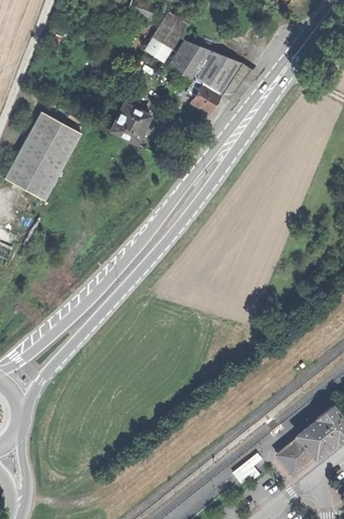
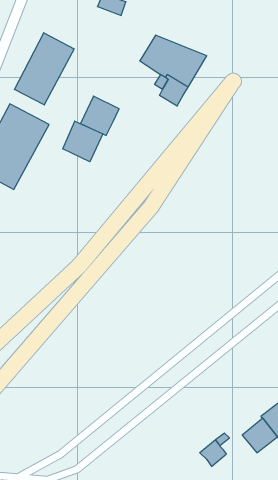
building: [148,13,190,62] -> none
building: none -> [14,33,74,105]
building: none -> [63,121,103,162]

